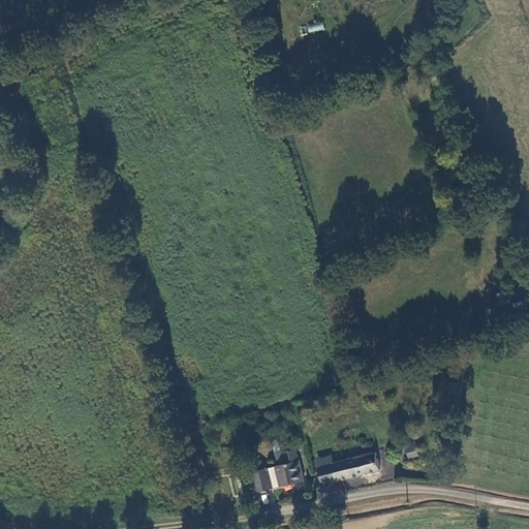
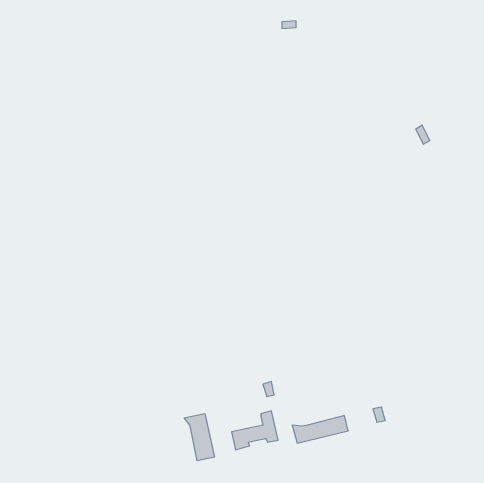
building: none -> [184,414,215,461]

